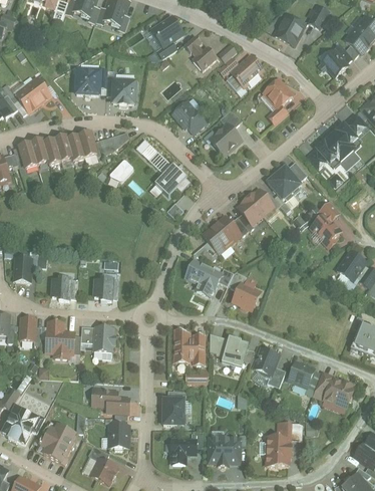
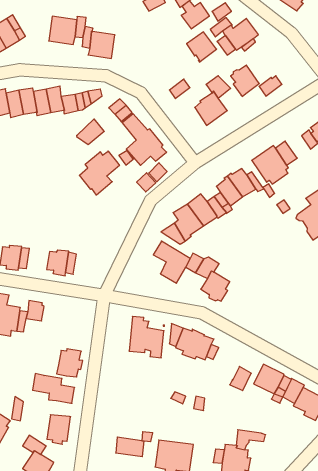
building: [266,78,292,106] -> [231,65,259,96]
building: [172,100,200,128] -> [187,32,217,62]
building: none -> [79,151,119,195]
building: [93,326,115,350] -> [57,349,83,377]
building: [254,347,279,378] -> none
building: [163,400,183,424] -> none

